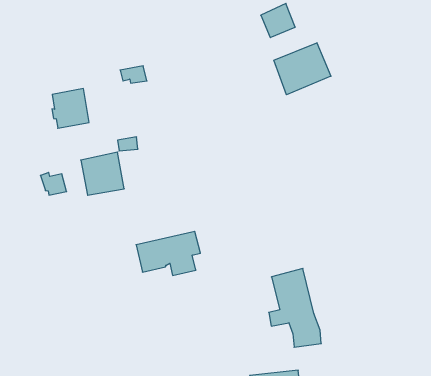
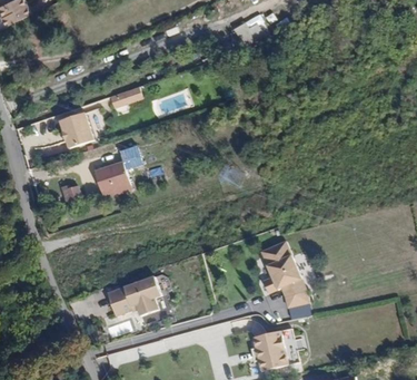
building: [274,43,331,95] -> none
building: [136,231,200,275] -> [106,275,160,314]

